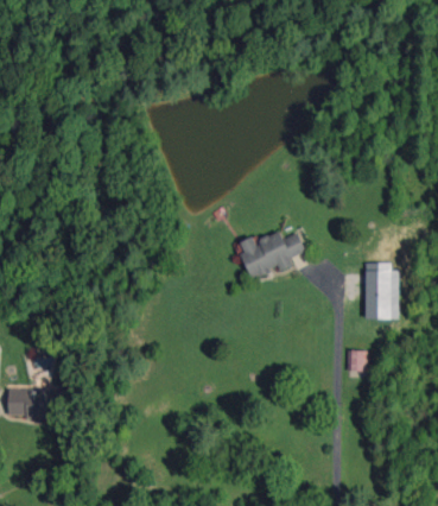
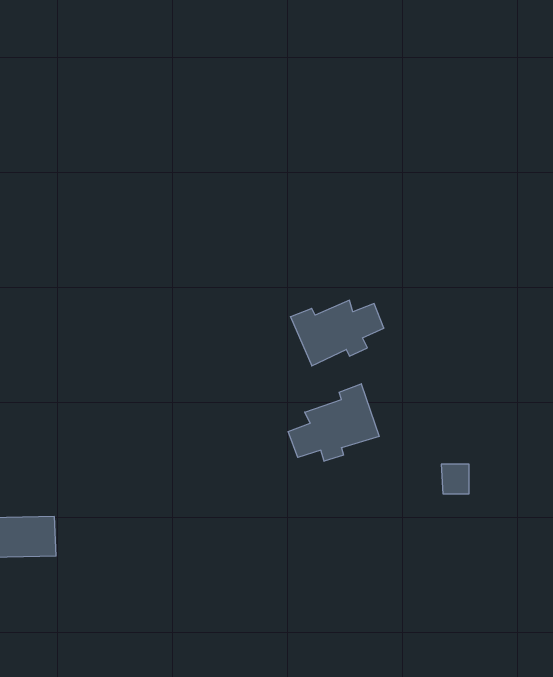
building: [366,263,399,318] -> none
building: none -> [288,384,379,461]

